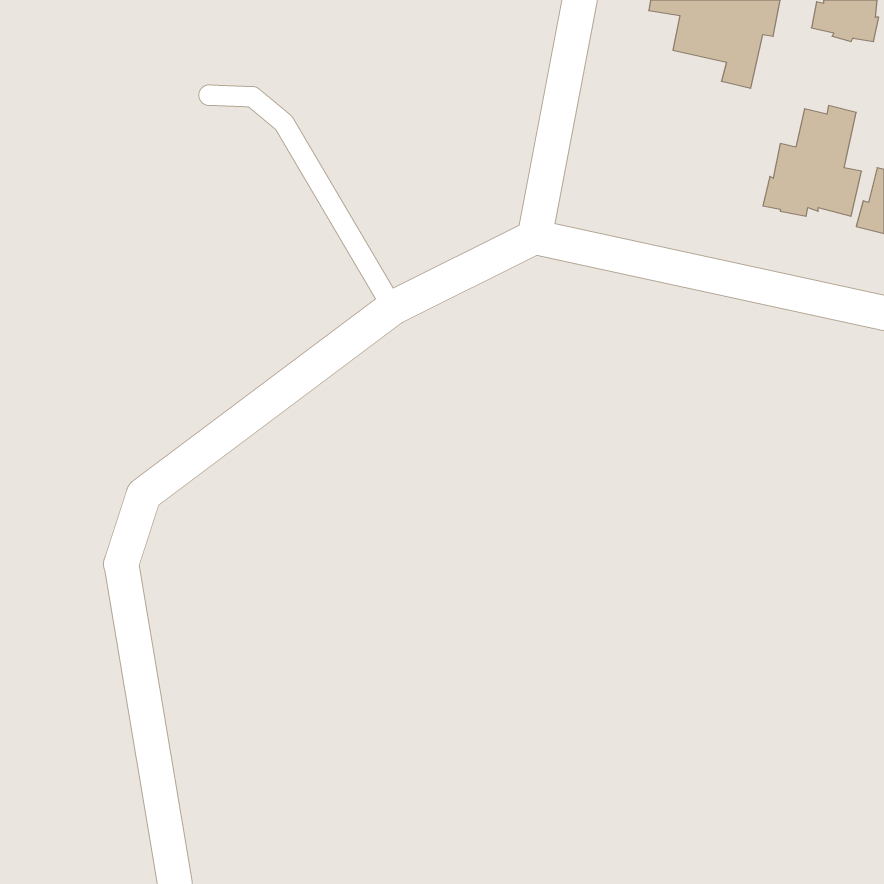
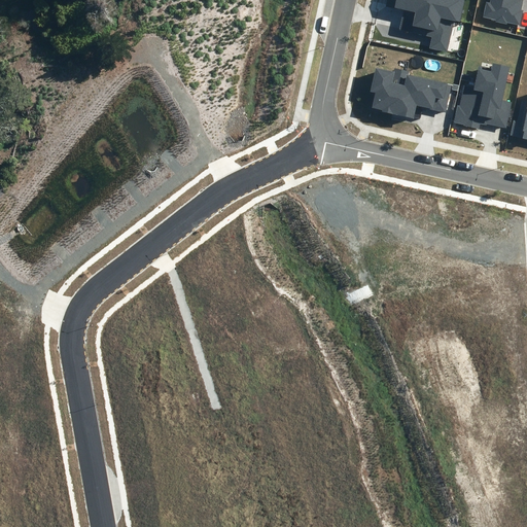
building: none -> [370,67,451,117]

